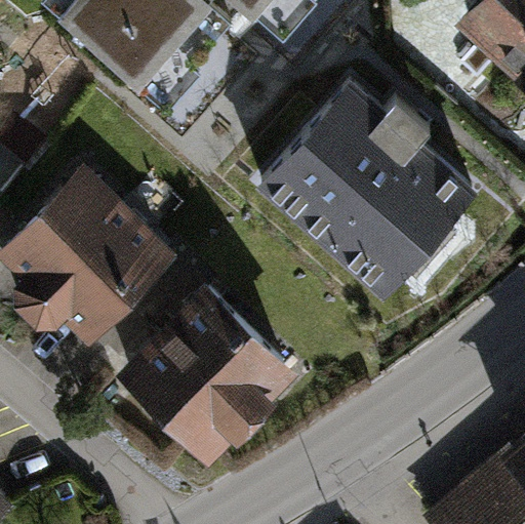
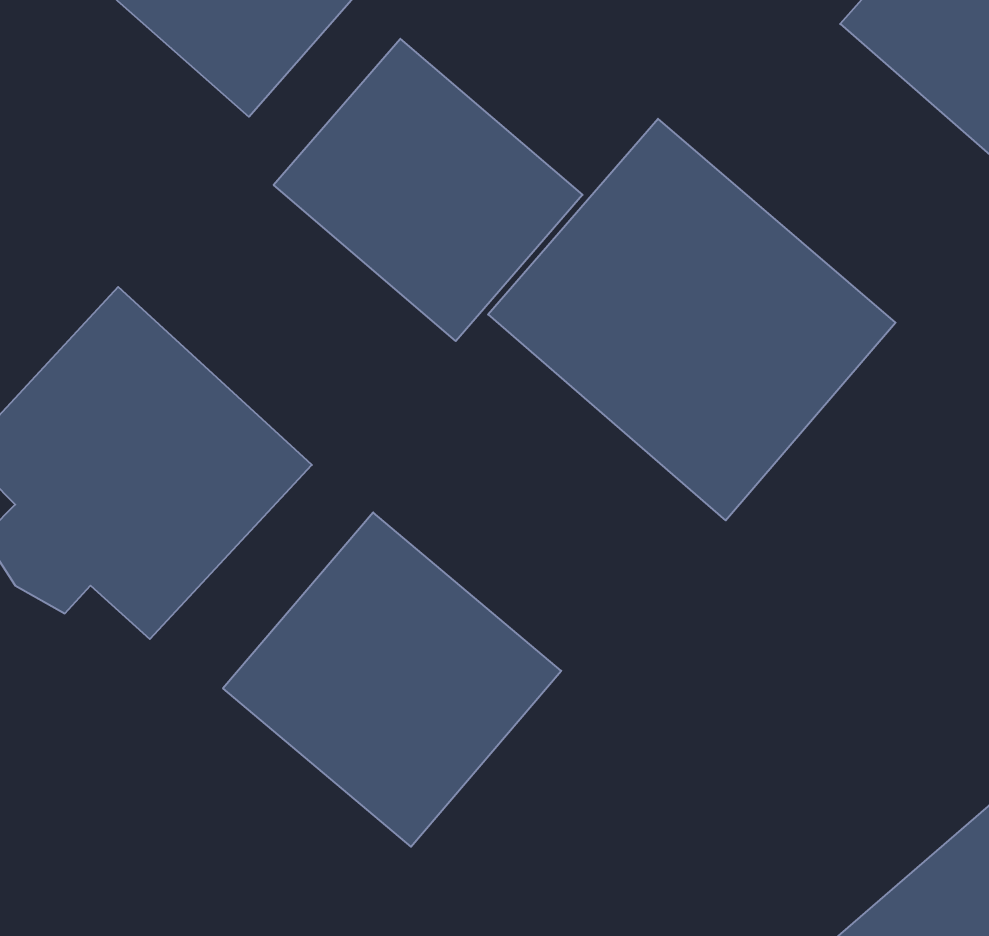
building: none -> [274,39,583,341]

